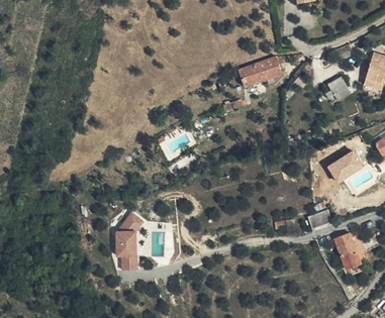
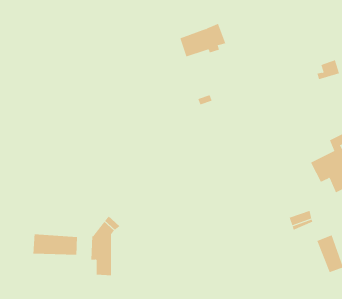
building: [236,58,281,90] -> [179,23,226,57]
building: none -> [33,233,77,256]

